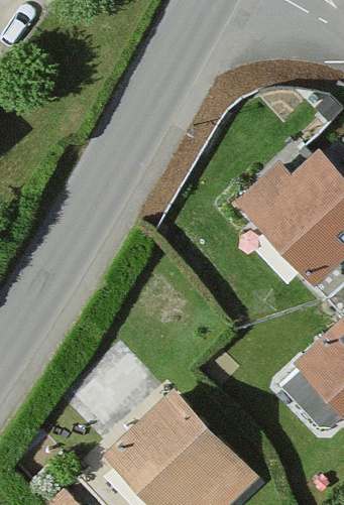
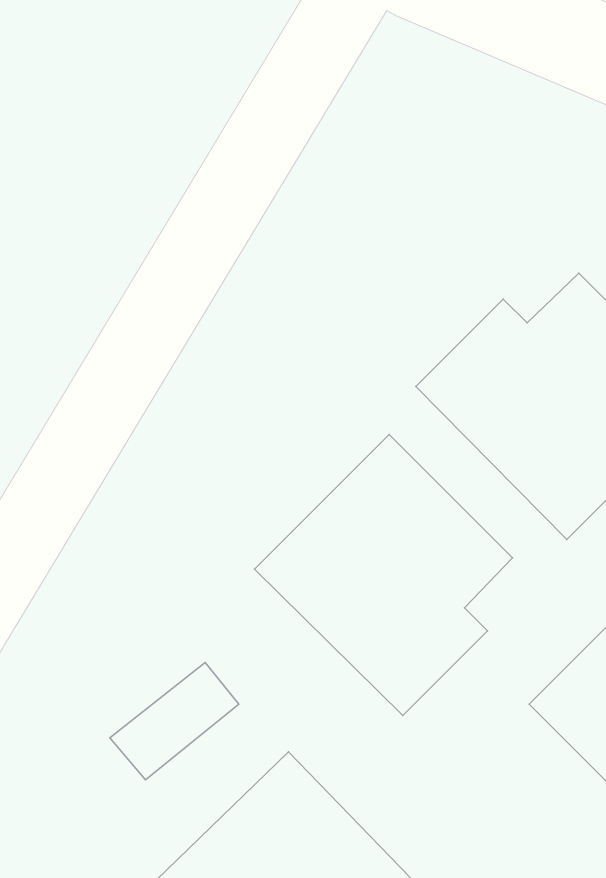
building: none -> [254,434,513,716]

